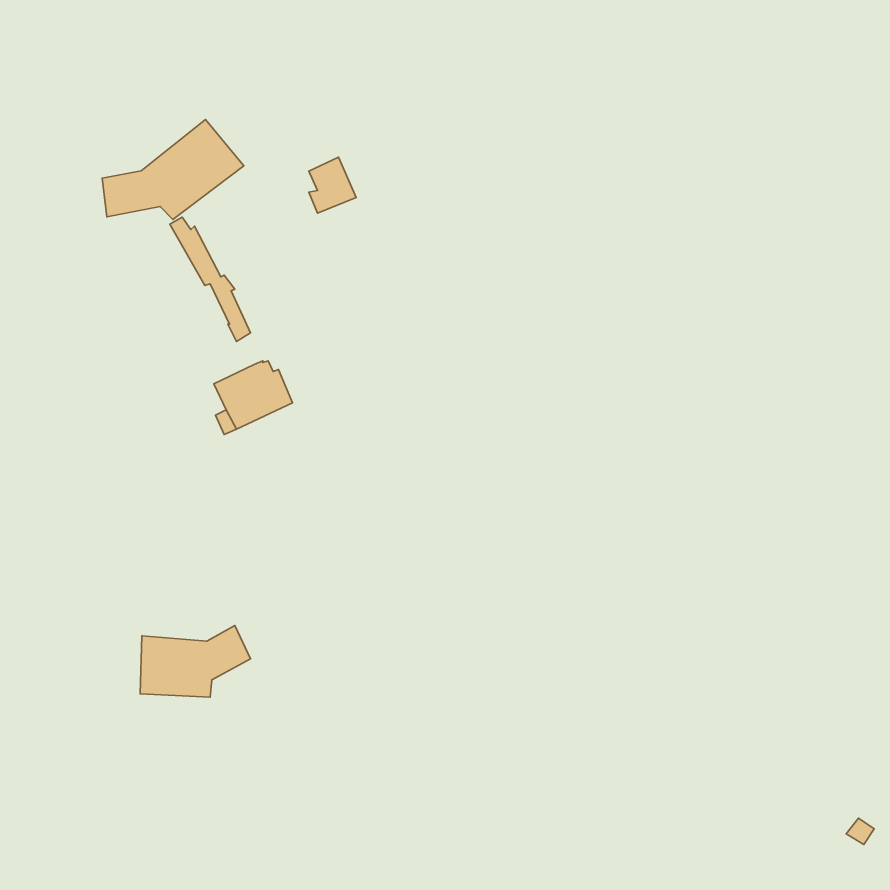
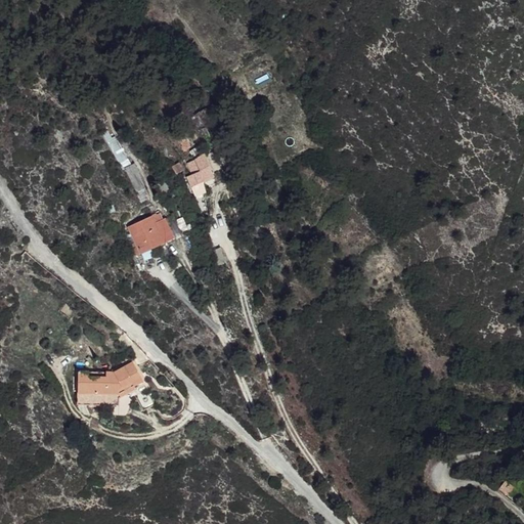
building: [102,120,244,219] -> none
building: [309,157,356,213] -> [186,152,214,185]

